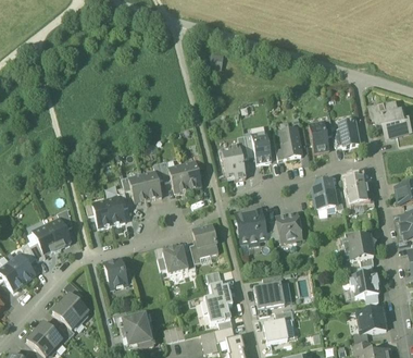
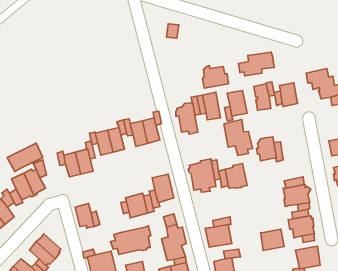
building: none -> [239,52,274,76]
building: none -> [203,66,229,88]
building: none -> [224,120,252,156]
building: [345,176,373,206] -> none
building: none -> [7,143,43,171]
building: none -> [111,226,151,255]
building: none -> [260,229,284,250]

